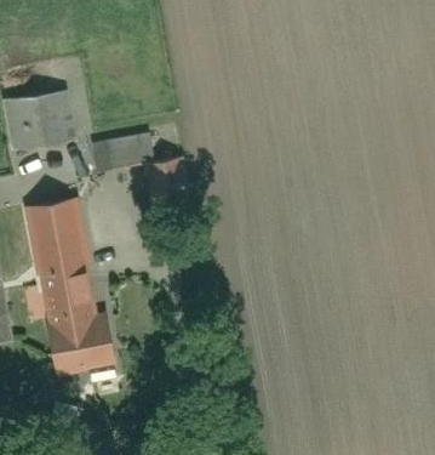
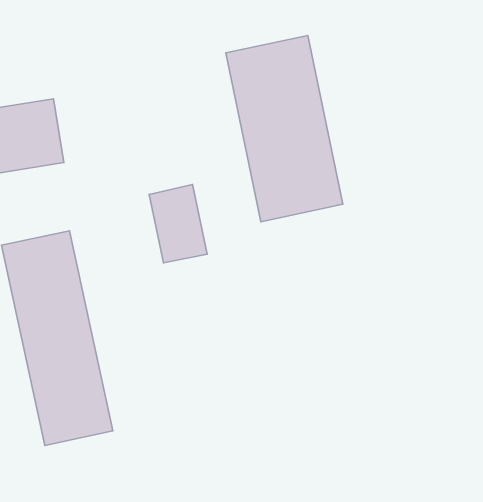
building: none -> [226,35,343,222]
building: [91,126,158,169] -> none

